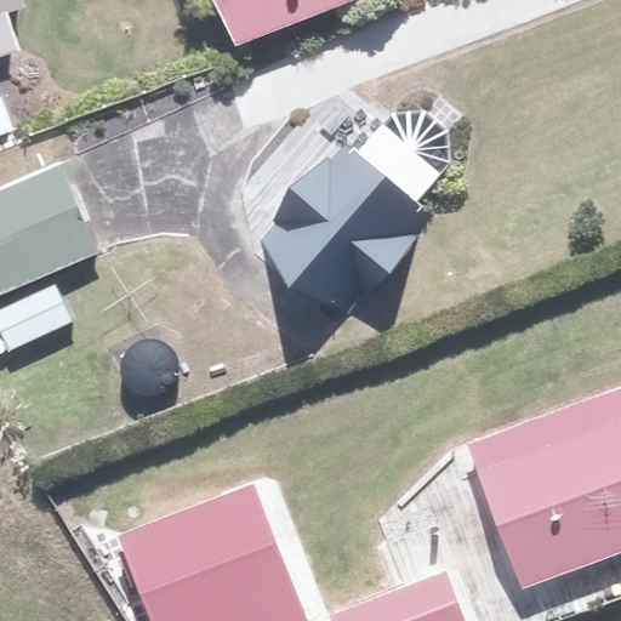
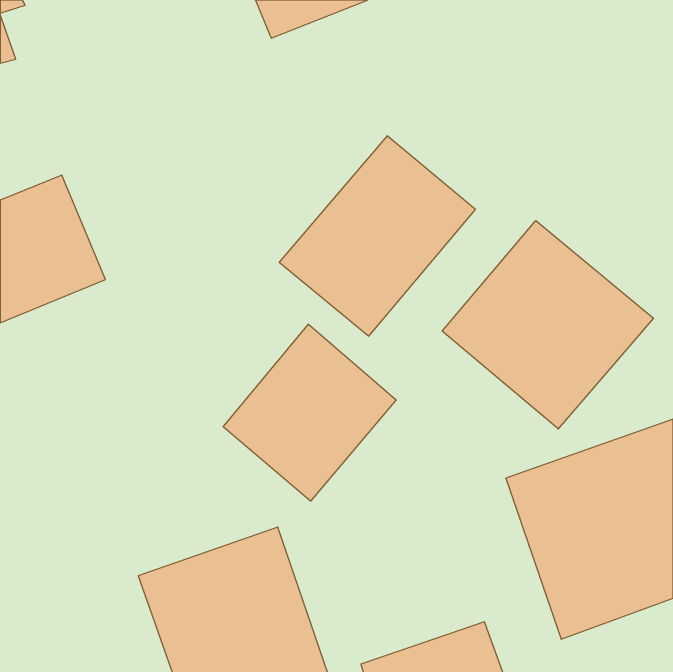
building: none -> [442,221,653,429]
building: none -> [223,324,396,501]

